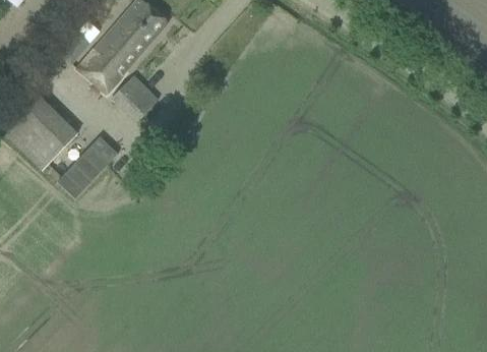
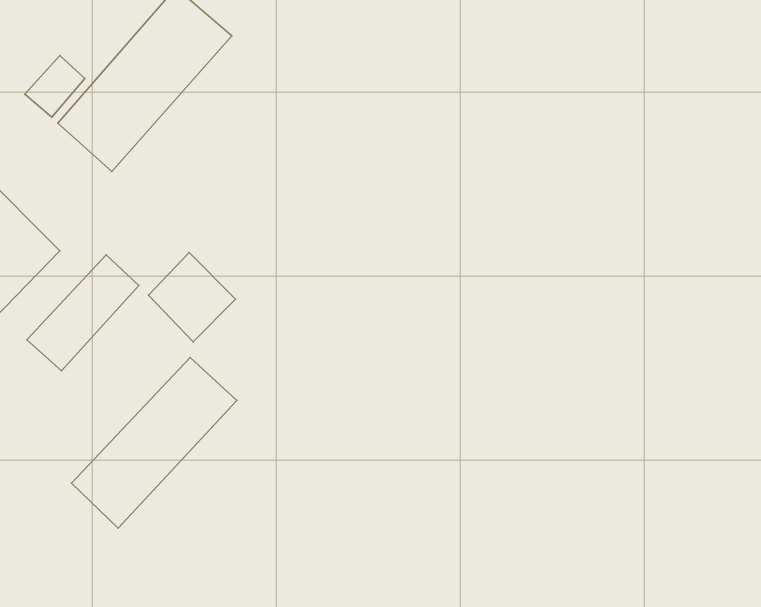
building: [111,76,157,123] -> [149,253,236,342]
building: none -> [71,357,237,528]

